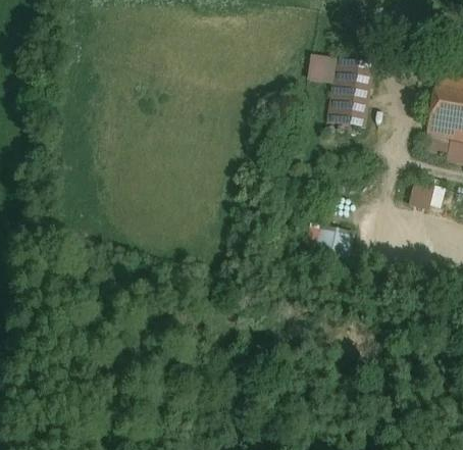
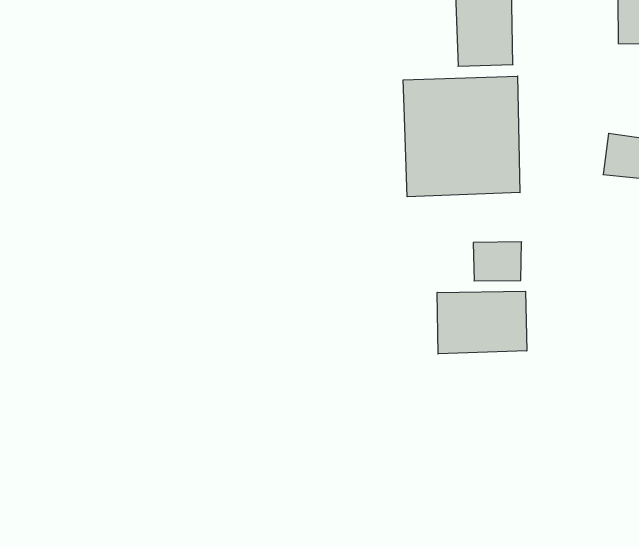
building: none -> [403,76,520,197]
building: none -> [437,291,527,354]

